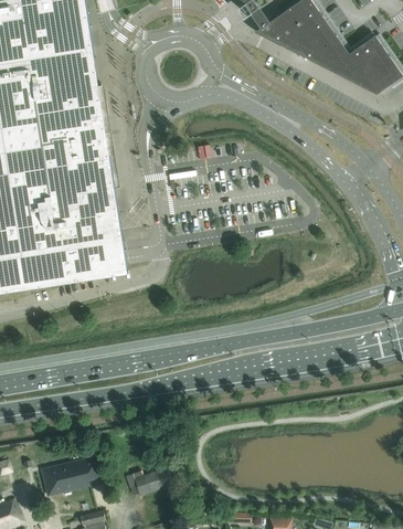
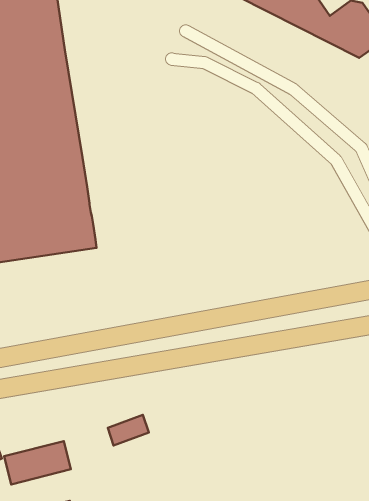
building: [134,466,172,495] -> [108,415,149,445]

